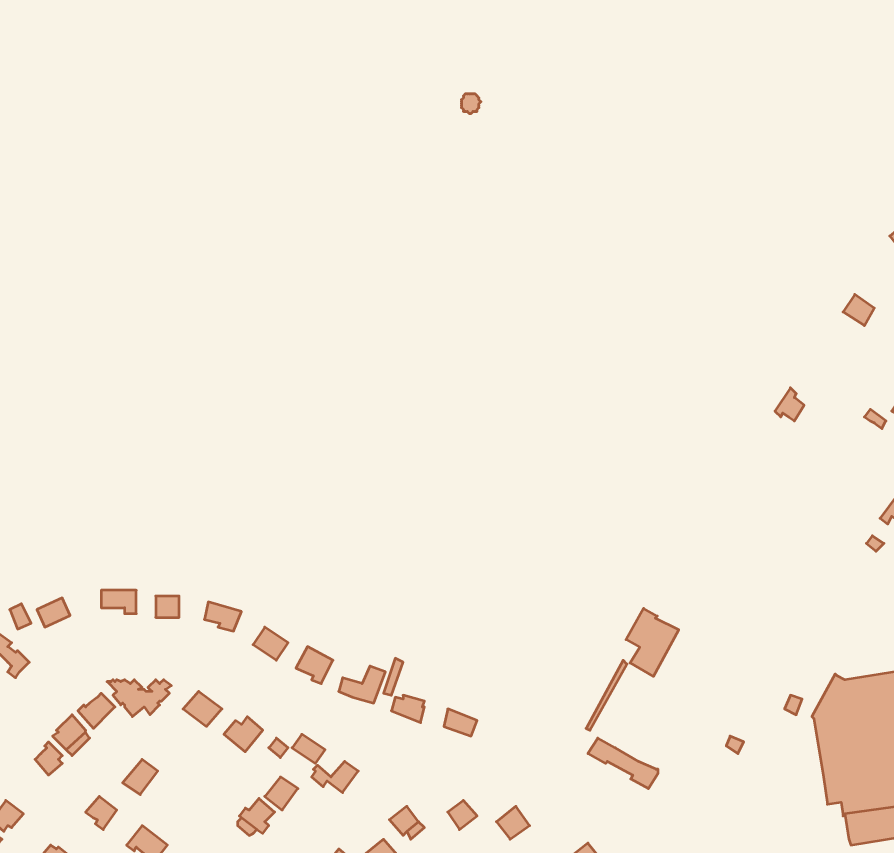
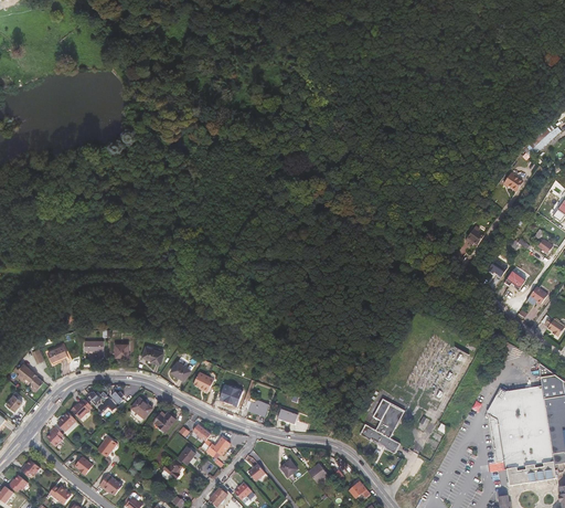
building: [626,608,679,676] -> [373,399,403,437]

